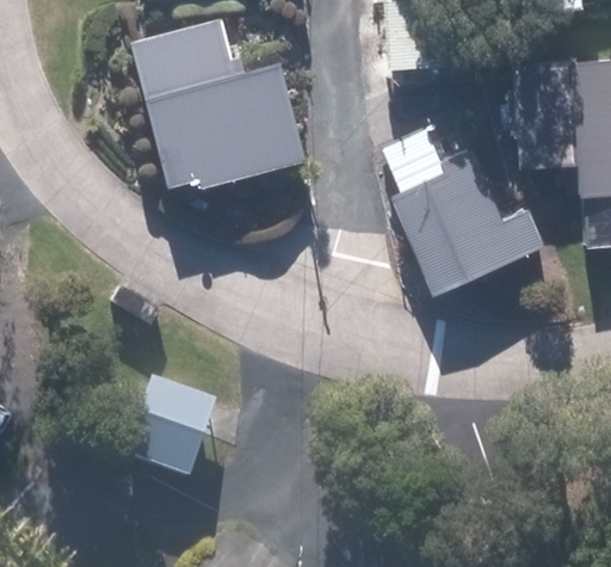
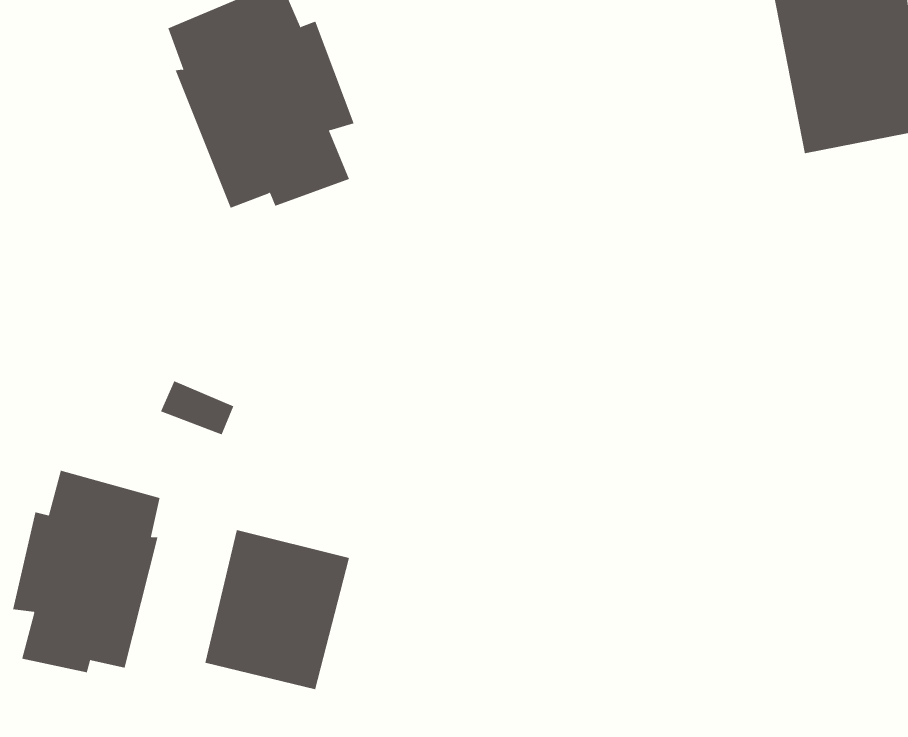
building: [389,122,531,292] -> none
building: none -> [12,470,160,673]

